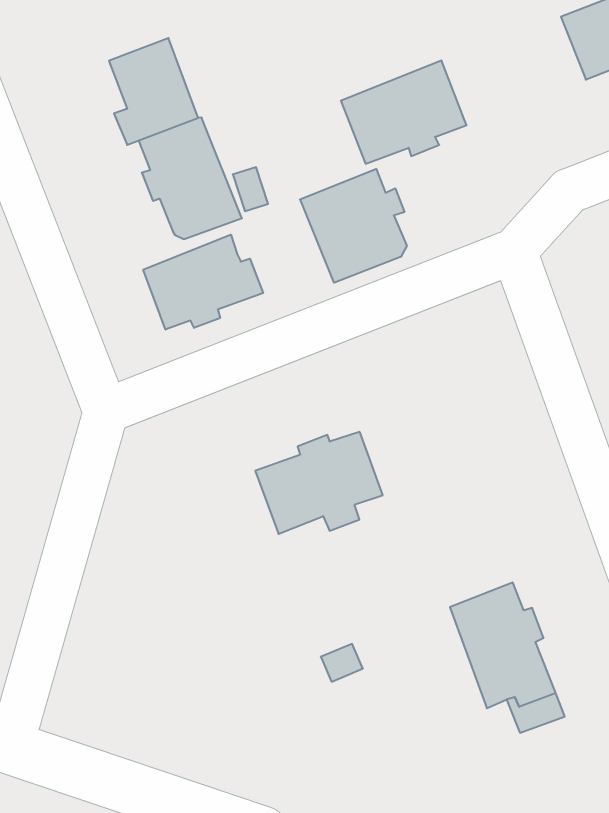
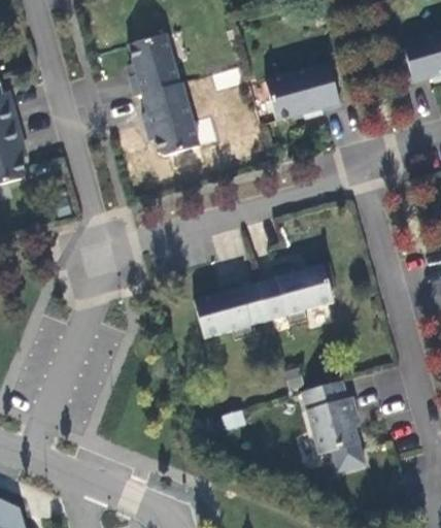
building: [300,169,407,283] -> none
building: [143,235,263,330] -> none
building: none -> [259,263,333,325]

